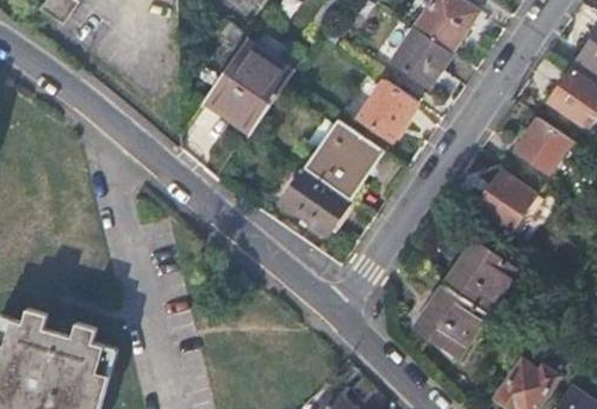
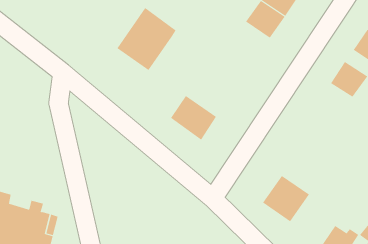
building: [359,78,417,138] -> none
building: [303,119,384,200] -> none
building: [474,173,541,240] -> none
building: [443,242,516,315] -> none

